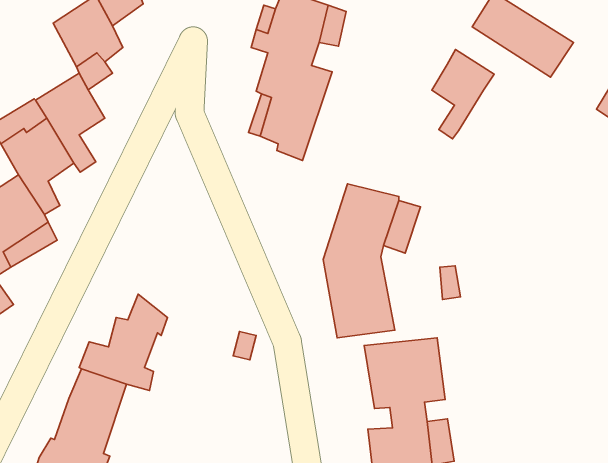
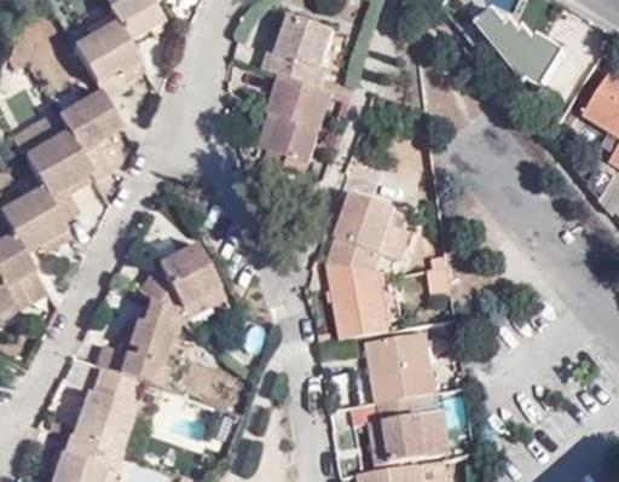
building: [432,49,494,139] -> none
building: none -> [138,243,220,318]

